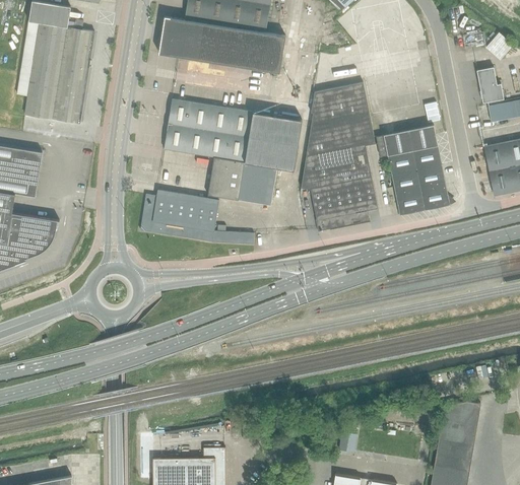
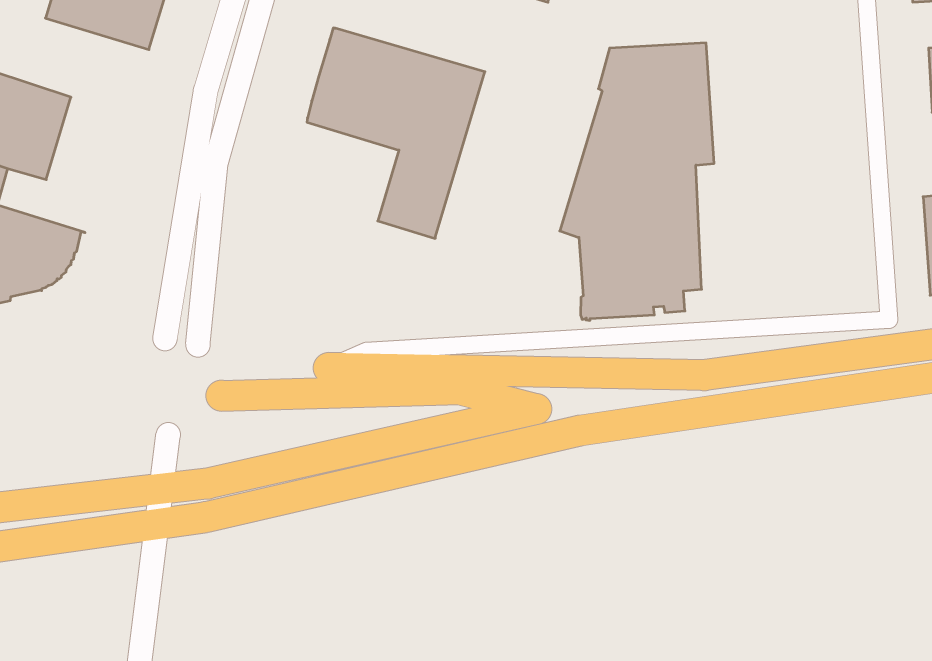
building: [238,112,302,204] -> none
building: [376,125,450,214] -> none
building: [140,190,254,244] -> none

